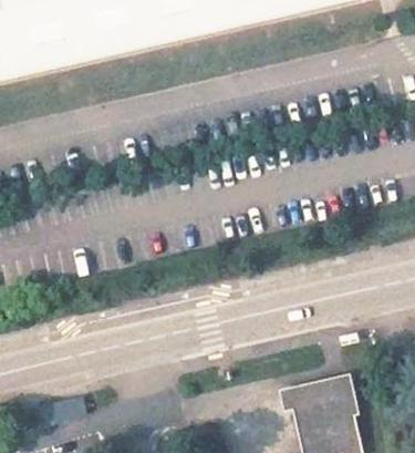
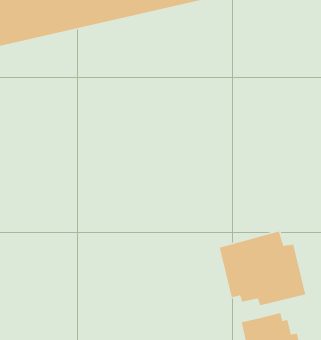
building: none -> [219,231,306,306]

